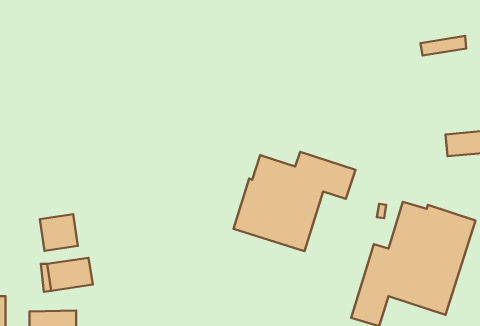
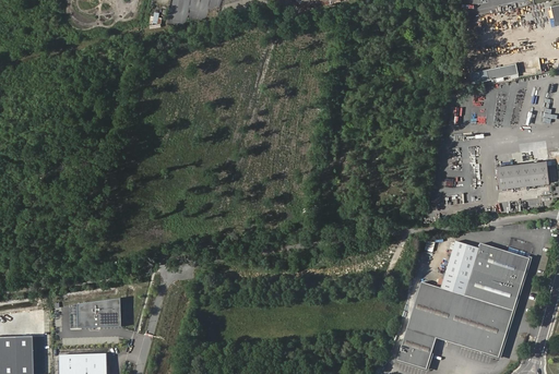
building: [233,152,355,251] -> none
building: [40,214,78,251] -> none

